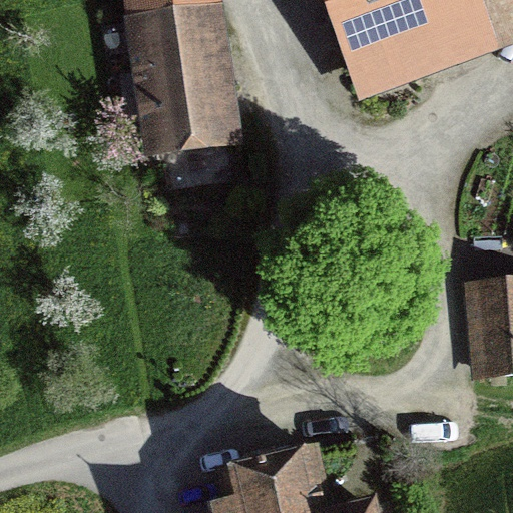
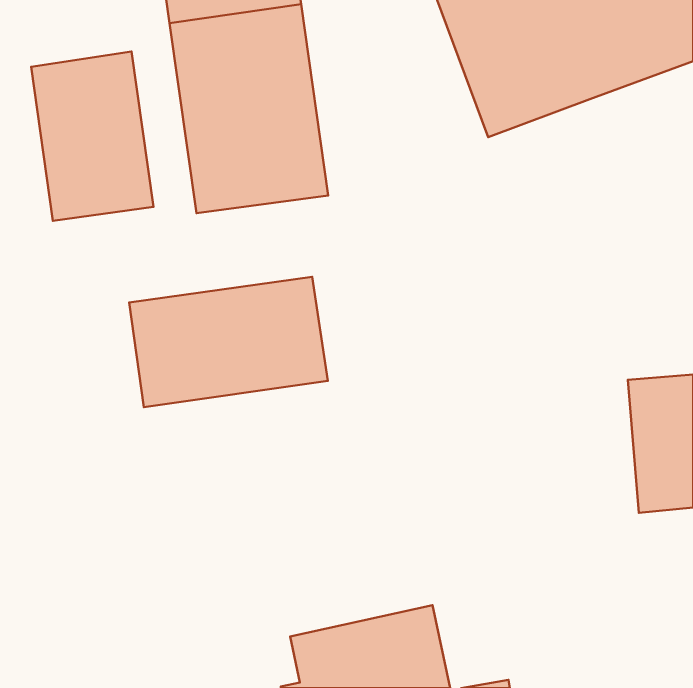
building: none -> [31,52,154,221]
building: none -> [129,277,328,407]

